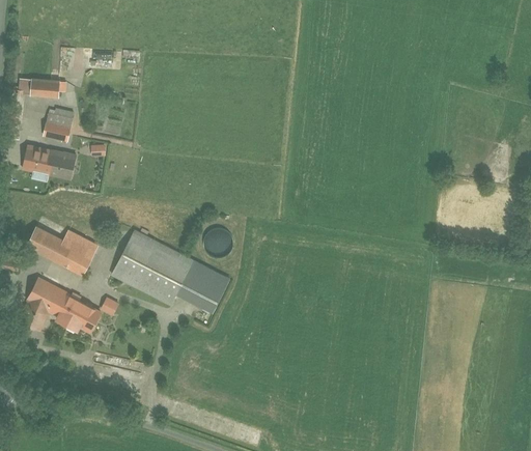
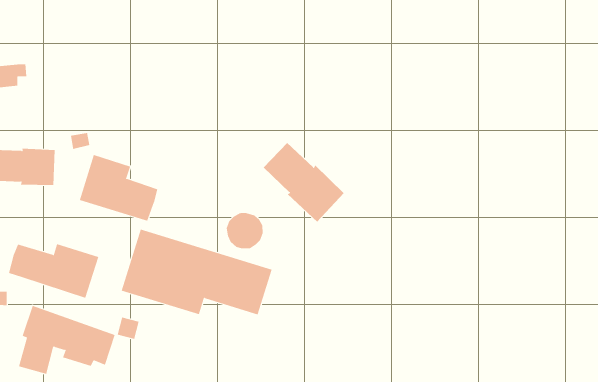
building: [43,112,72,143] -> none
building: none -> [79,154,158,221]
building: none -> [263,142,344,222]

